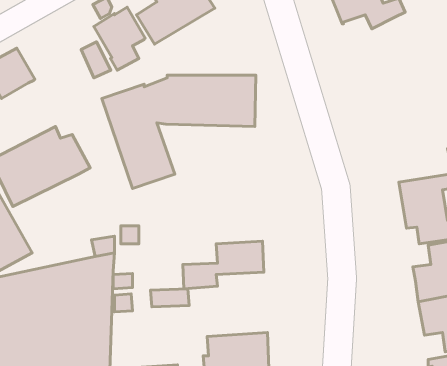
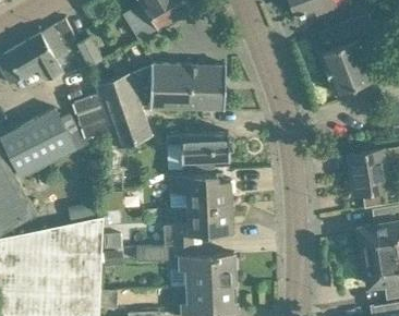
building: [94,7,145,70] -> [23,26,66,80]
building: none -> [319,14,374,94]
building: none -> [72,94,110,139]
building: none -> [166,133,233,170]
building: none -> [169,173,231,208]
building: none -> [179,254,235,287]

